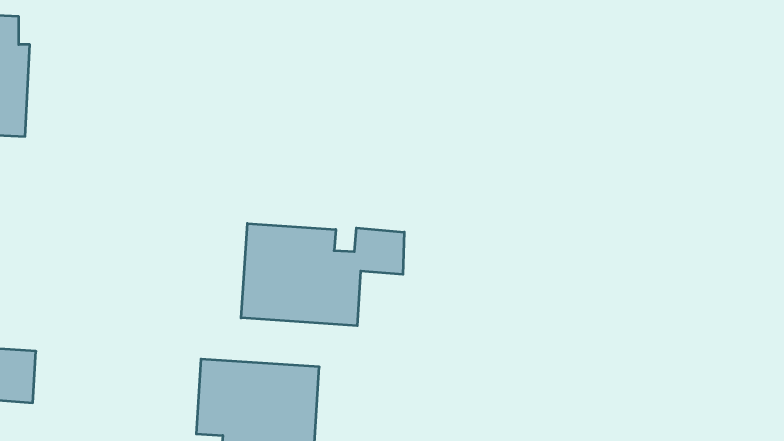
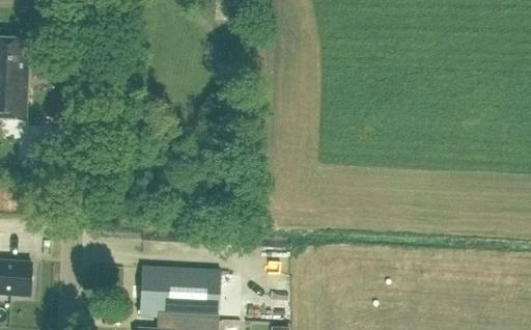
building: [241,223,404,326] -> none

